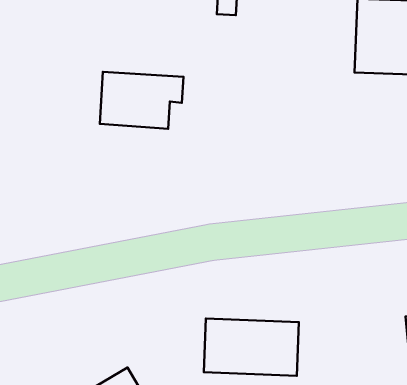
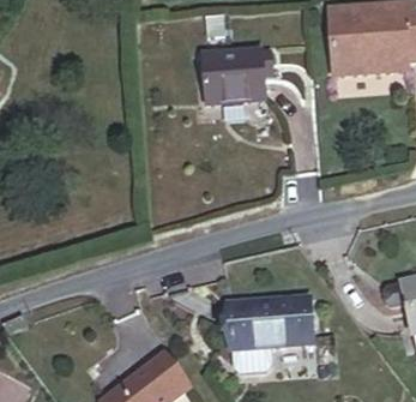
building: [100,72,184,129] -> [203,52,275,101]

